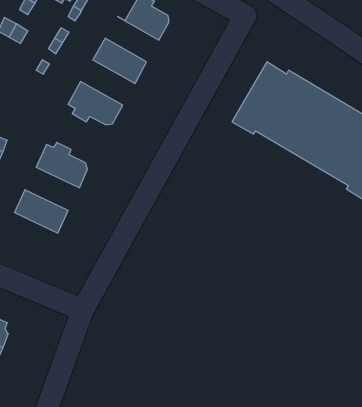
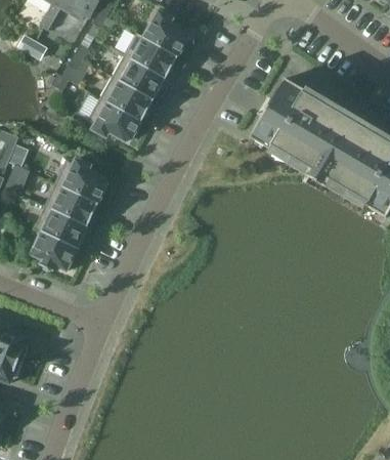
building: none -> [124,33,177,78]
building: none -> [99,76,154,121]
building: none -> [44,182,98,225]
building: none -> [31,227,77,271]

